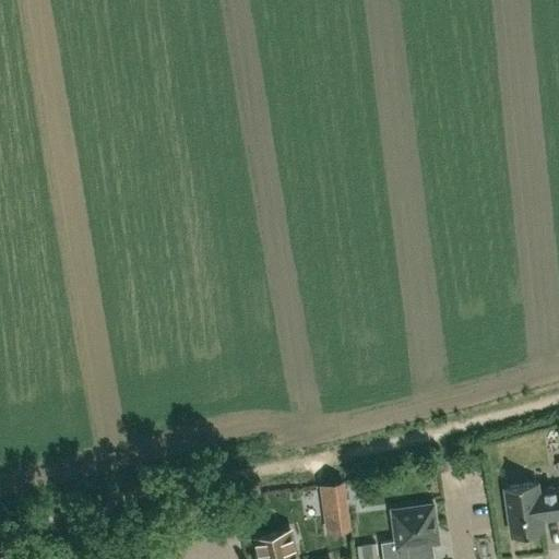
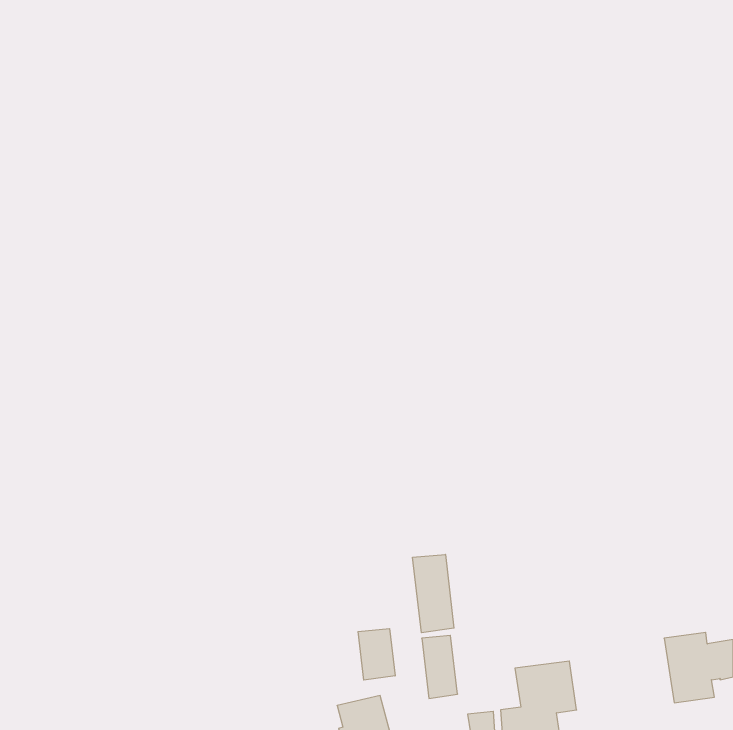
building: none -> [413,554,454,633]
building: none -> [358,629,395,680]

